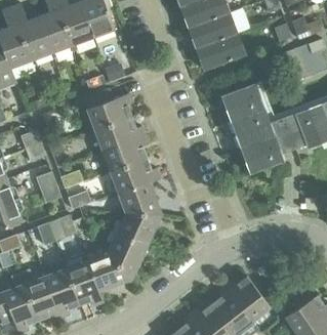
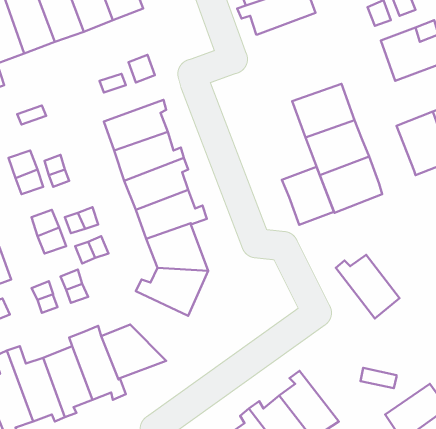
building: [189,33,245,70] -> none
building: [270,113,306,154] -> [282,167,334,225]
building: [105,229,147,279] -> none
building: [226,277,271,322] -> [336,255,400,318]

